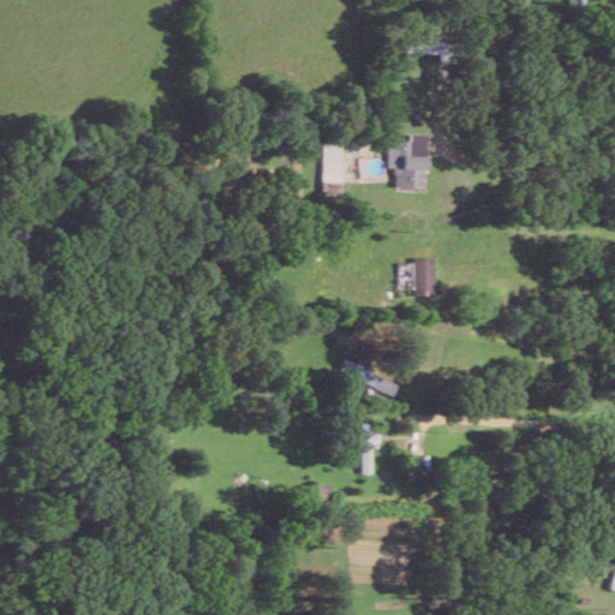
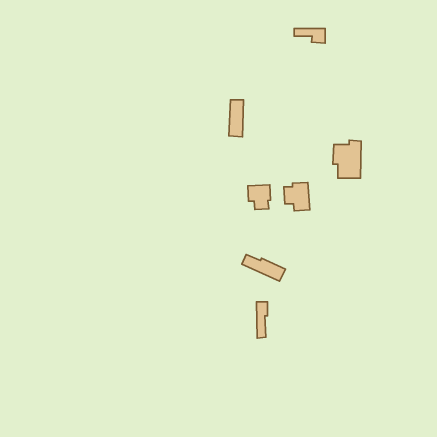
building: [388,136,428,189] -> [333,140,361,178]
building: none -> [248,185,271,210]

